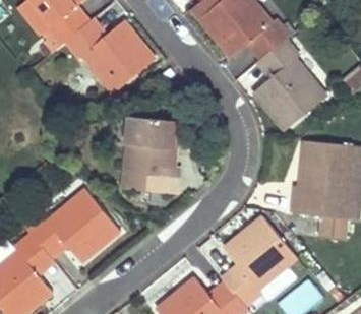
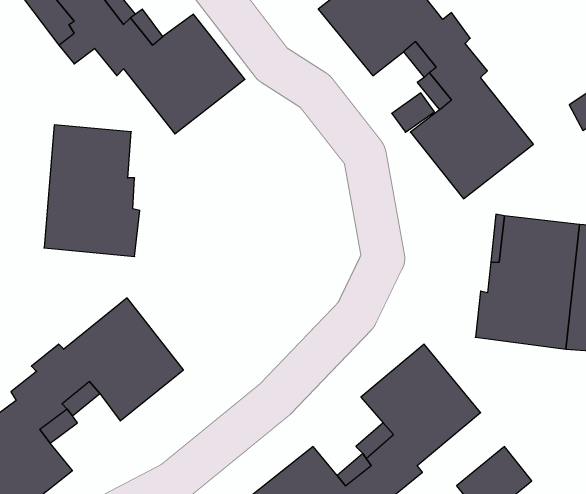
building: [122,116,179,194] -> [44,125,140,257]

